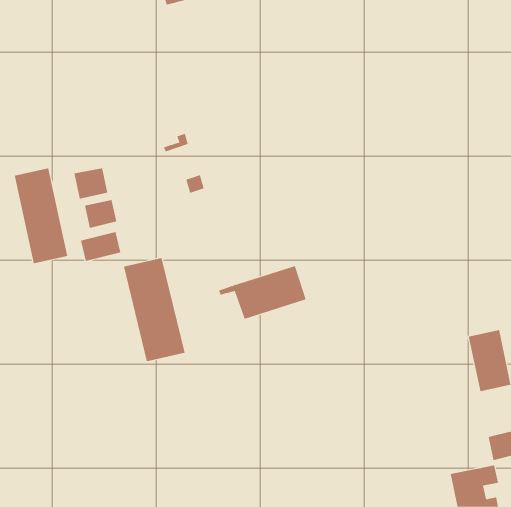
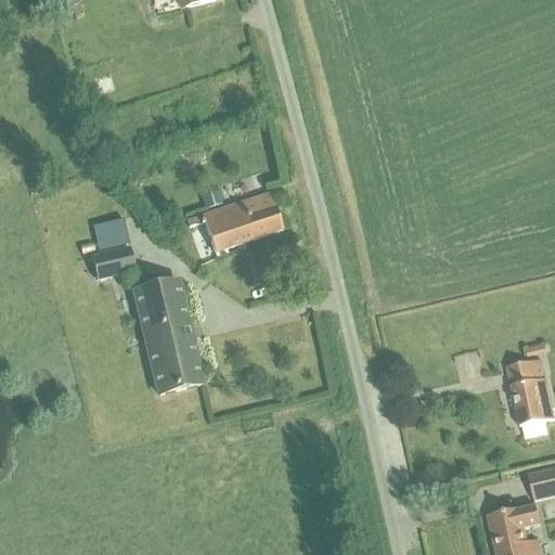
building: [14,167,68,264] -> none
building: [74,168,108,200] -> none
building: [218,265,306,320] -> [186,191,282,249]

